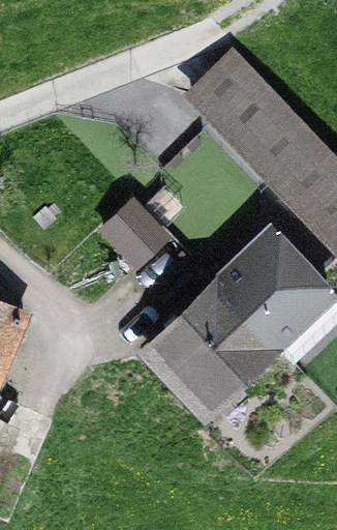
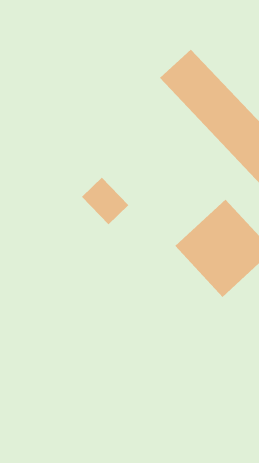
building: [157,281,271,394] -> none

